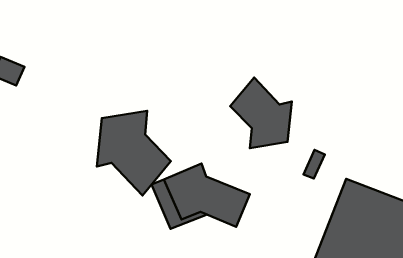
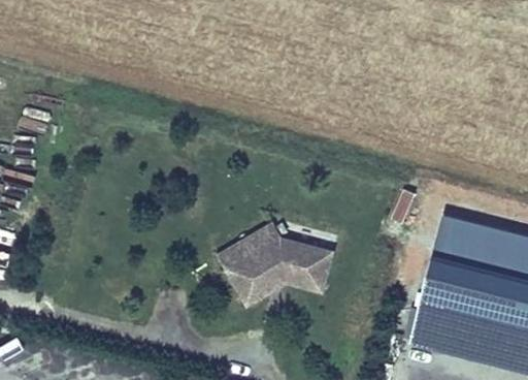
building: [230,77,292,148] -> none
building: [97,111,171,196] -> none

